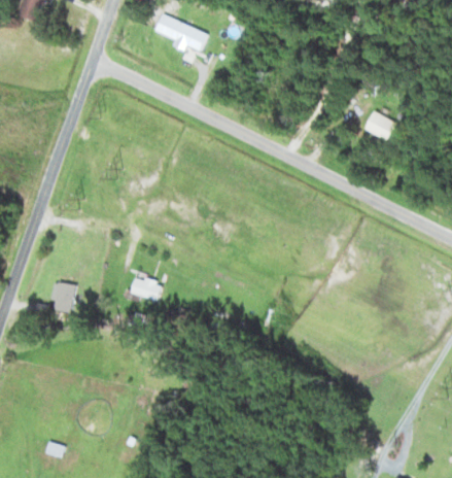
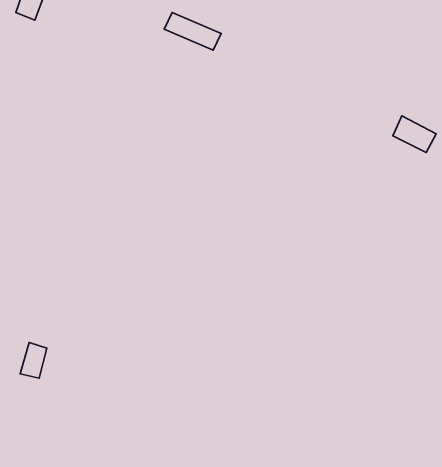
building: [131,279,159,297] -> none
building: [51,280,76,313] -> [20,343,47,378]

